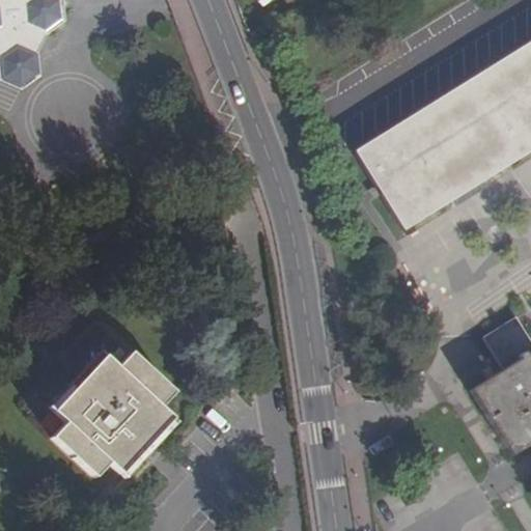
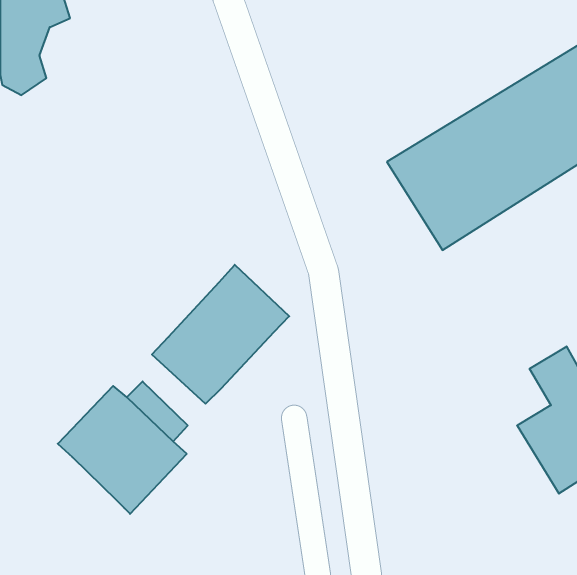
building: none -> [152,265,289,404]
building: [52,419,108,473] -> none

